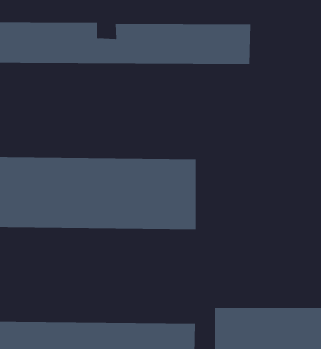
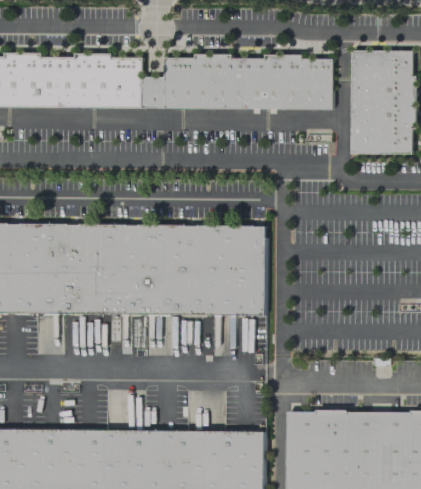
building: none -> [351,50,413,154]

